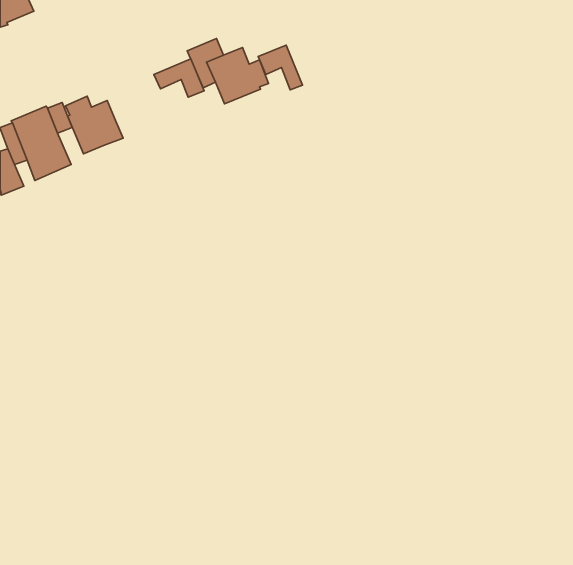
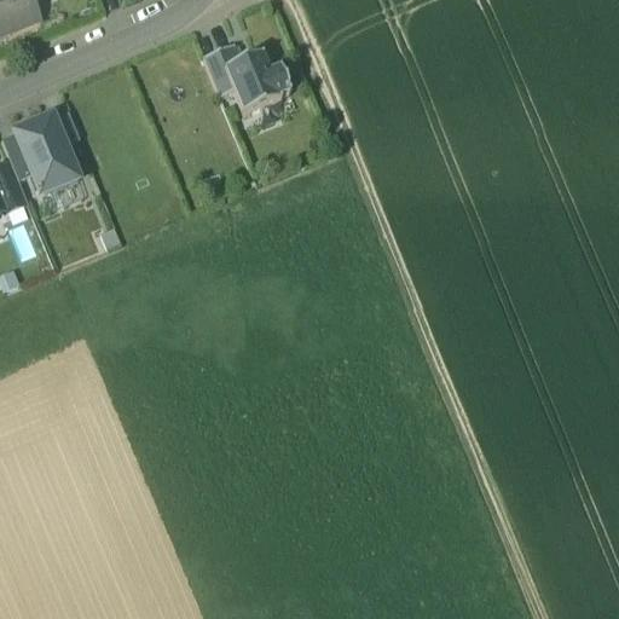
building: [258,45,302,90] -> none
building: [154,59,204,97] -> none
building: [66,96,123,154] -> none

